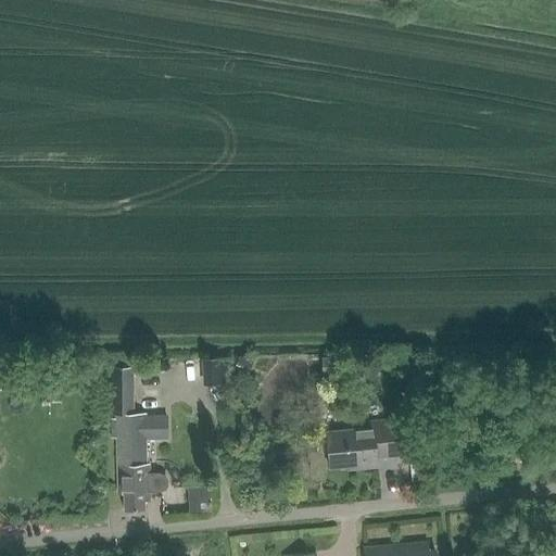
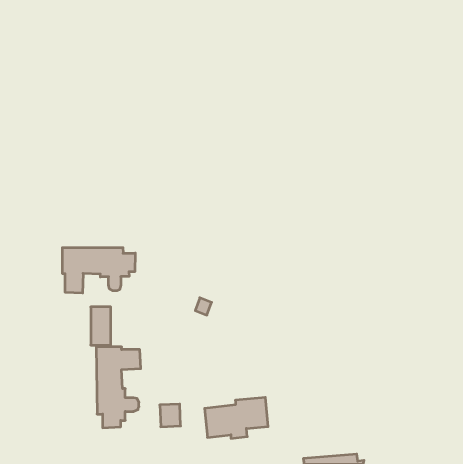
building: none -> [62,248,135,293]
building: [327,420,403,469] -> [205,397,268,438]

